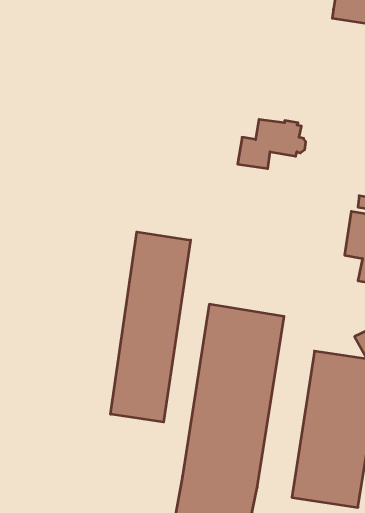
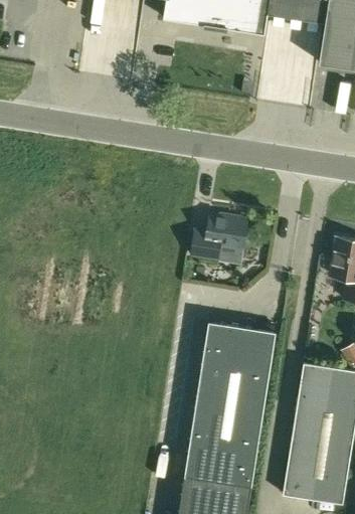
building: [238,119,306,169] -> [190,214,251,259]
building: [111,232,191,422] -> none

